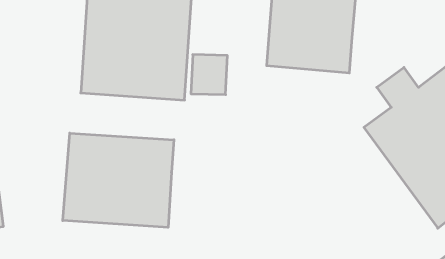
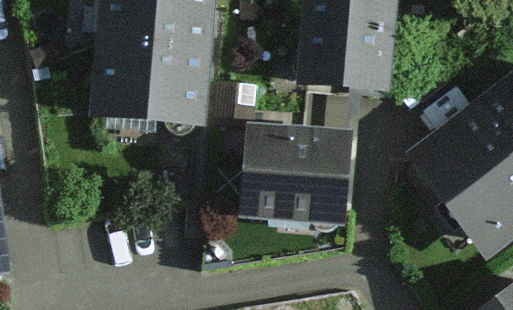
building: none -> [238,122,355,224]
building: [63,133,174,227] -> none

